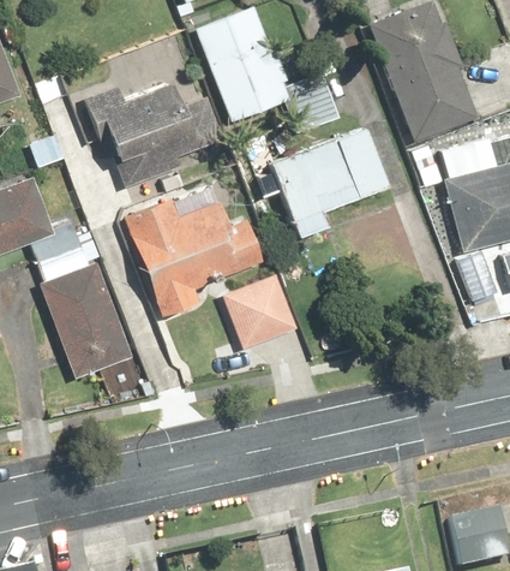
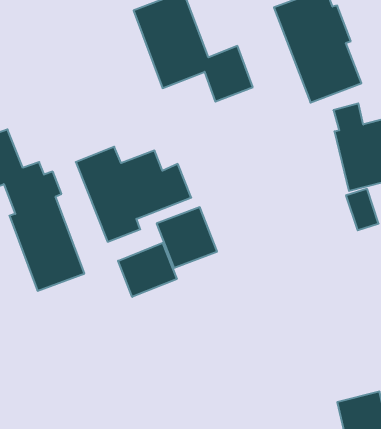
building: [85,82,226,190] -> none
building: [269,127,390,238] -> none
building: none -> [118,243,177,297]

